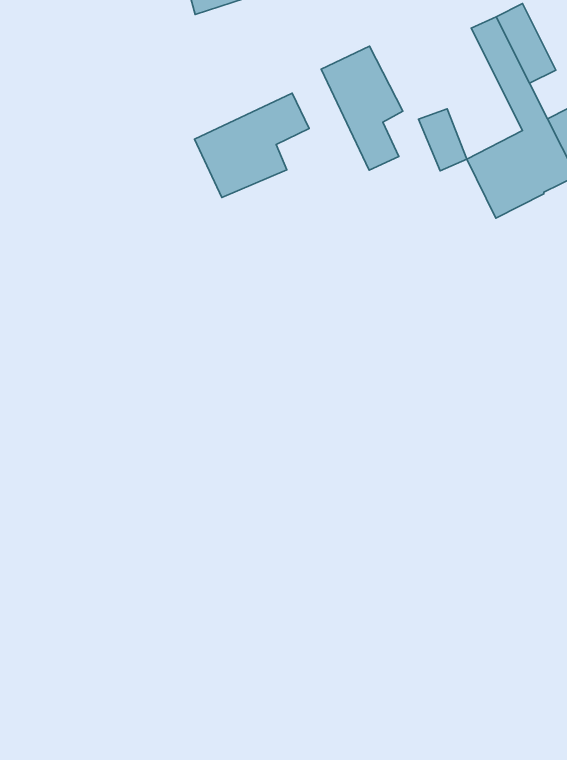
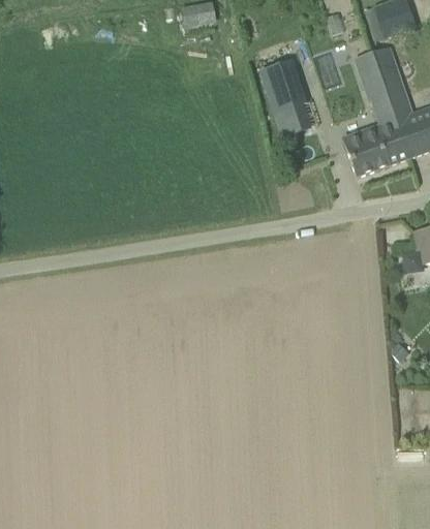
building: [194,93,309,197] -> none
building: [419,109,467,171] -> [314,46,341,85]

